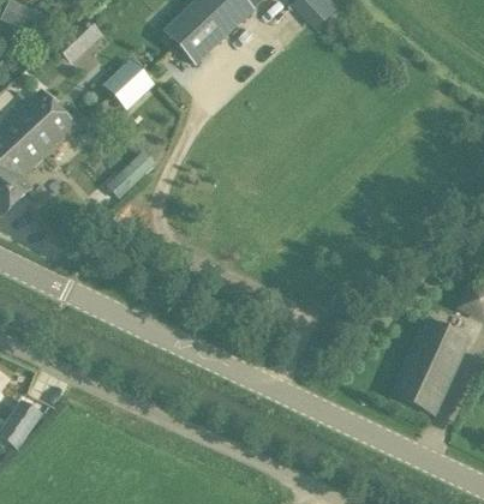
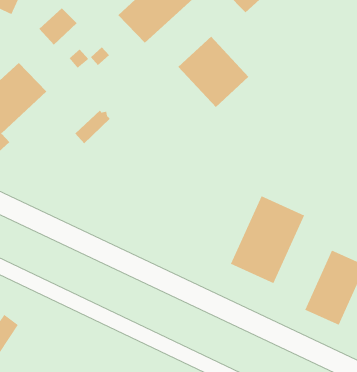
building: none -> [178,36,249,108]
building: none -> [230,195,305,284]

